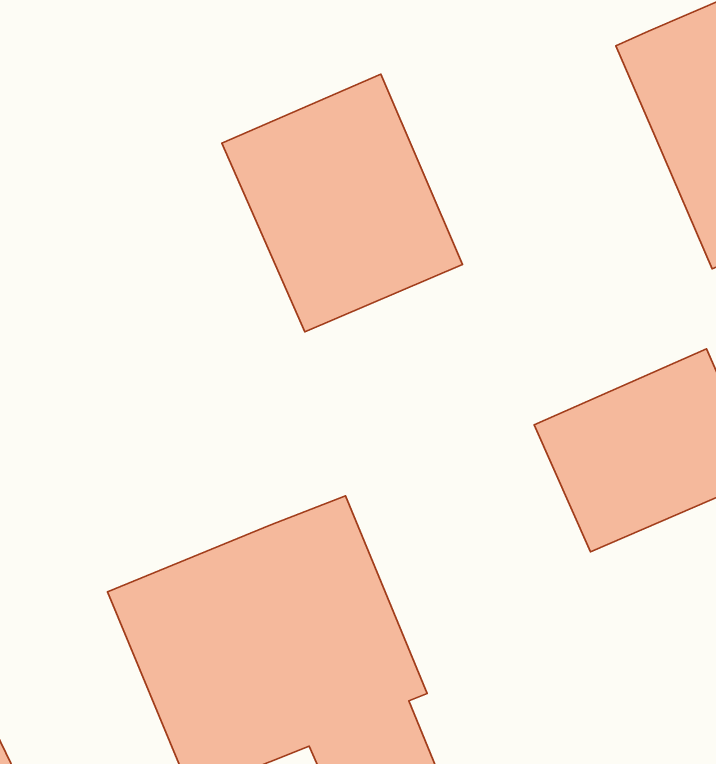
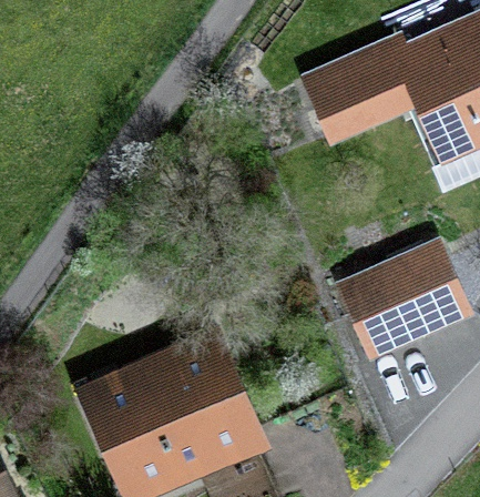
building: none -> [299,32,409,142]
building: [222,74,462,332] -> none

